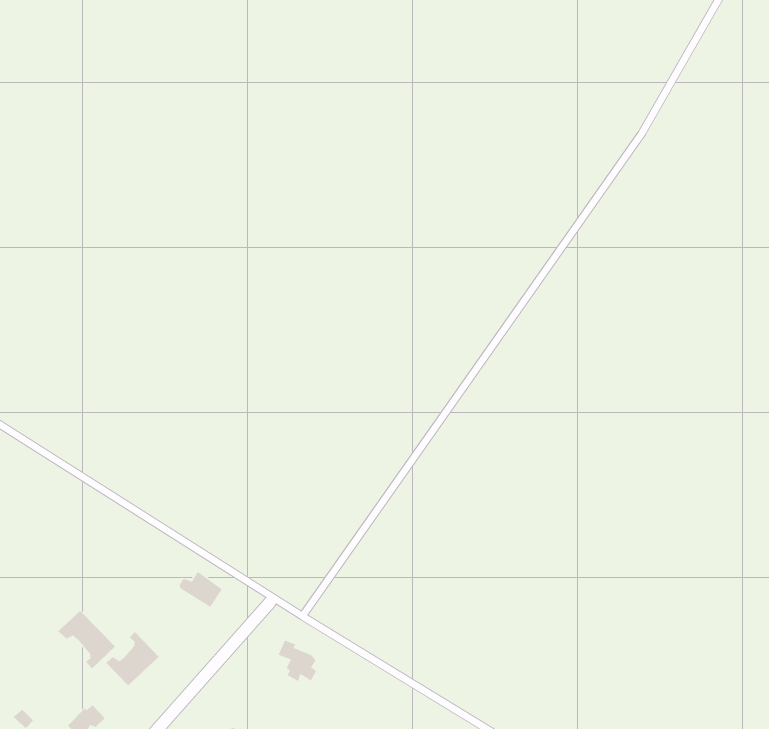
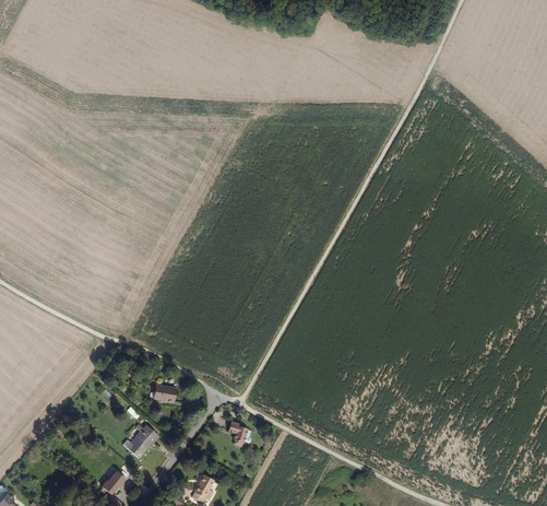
building: [58,610,116,669] -> none

